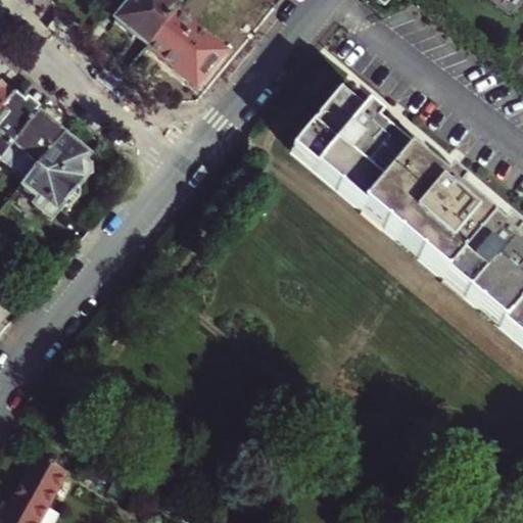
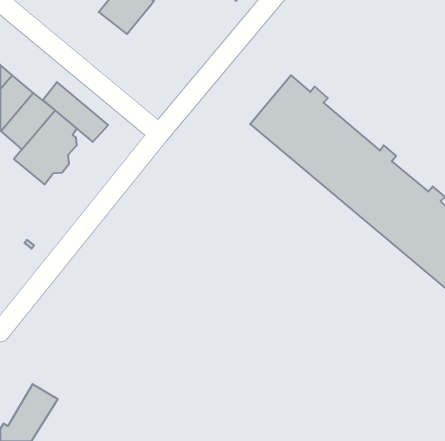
building: [150,5,227,81] -> none
building: none -> [43,82,108,142]

